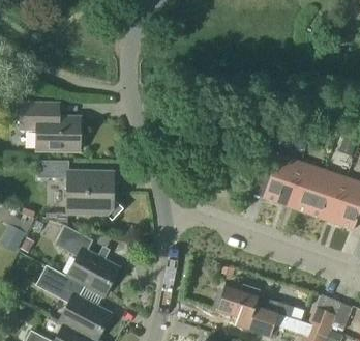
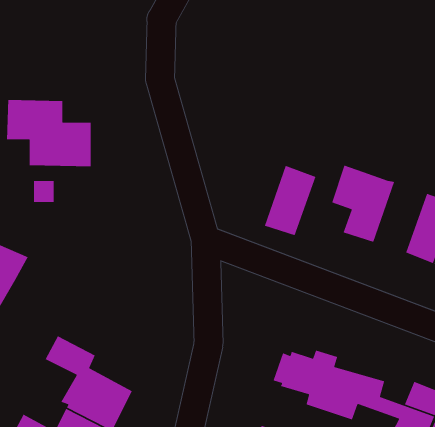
building: [286,162,324,214] -> [264,165,316,236]
building: [67,171,124,221] -> none
building: [54,226,119,297] -> none

